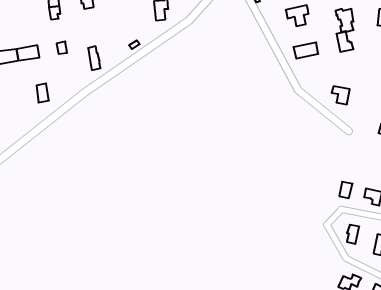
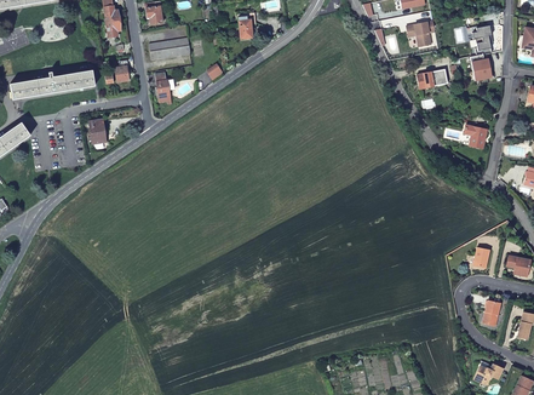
building: none -> [149,38,190,61]

